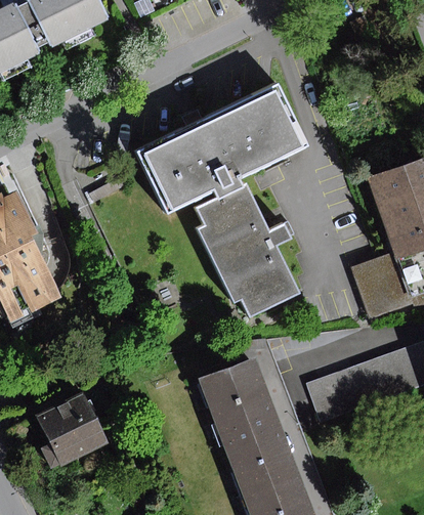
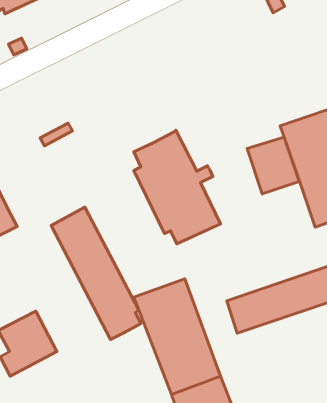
building: [137,84,309,211] -> none
building: [351,252,412,318] -> [247,137,299,194]
building: none -> [51,207,141,339]

